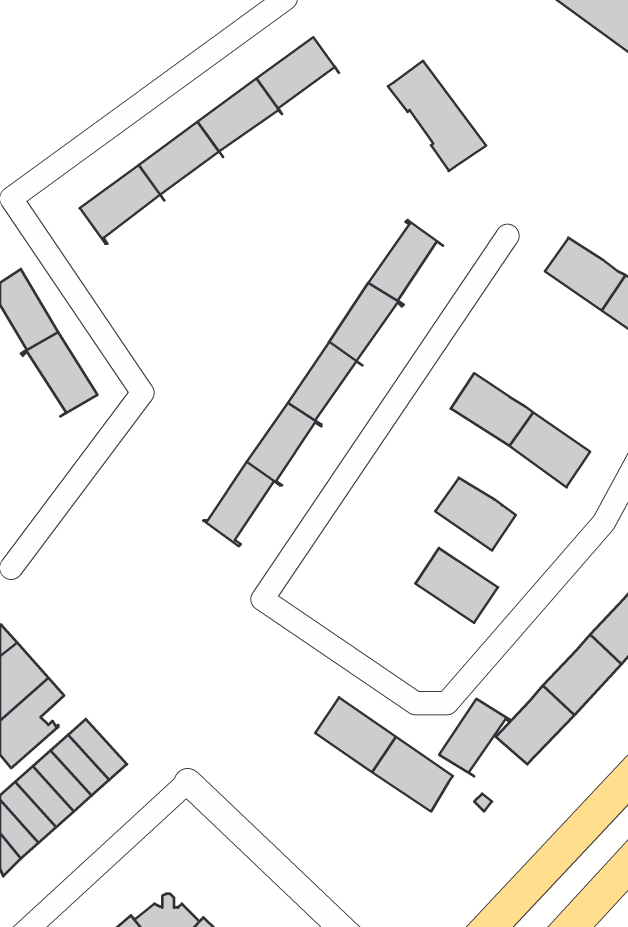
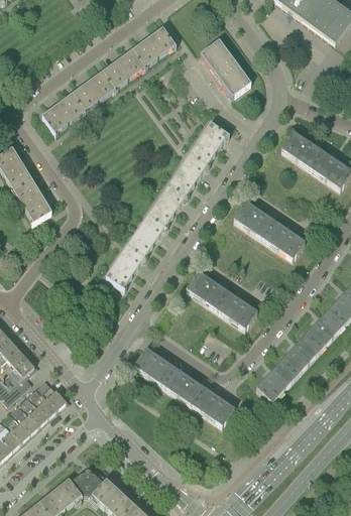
building: [435,478,516,550] -> [186,271,227,308]
building: none -> [134,348,176,385]
building: [439,699,511,776] -> none

